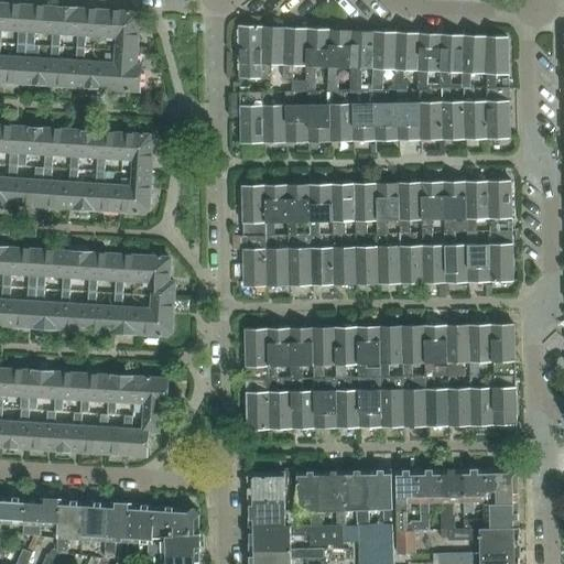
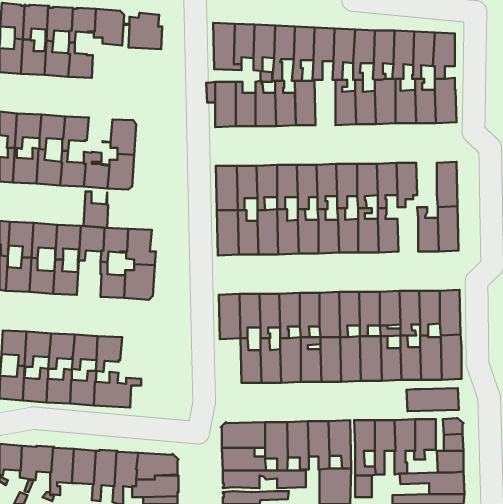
building: [97,48,140,89] -> [124,13,162,49]
building: [351,89,375,140] -> none
building: [94,131,126,171] -> none
building: [465,182,488,231] -> none
building: [444,231,467,281] -> none
building: [86,291,113,332] -> [83,191,108,228]
building: [132,377,166,423] -> none
building: [246,378,270,429] -> none
building: none -> [406,388,459,411]

